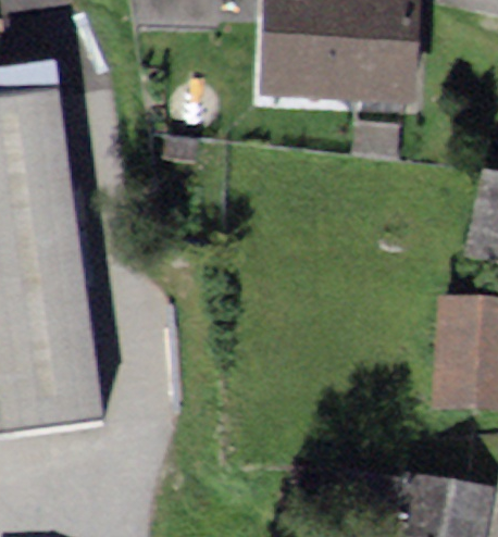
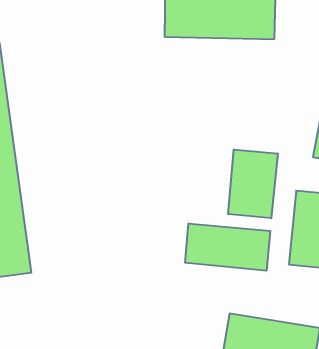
building: none -> [228,149,278,218]
building: none -> [185,223,270,271]

